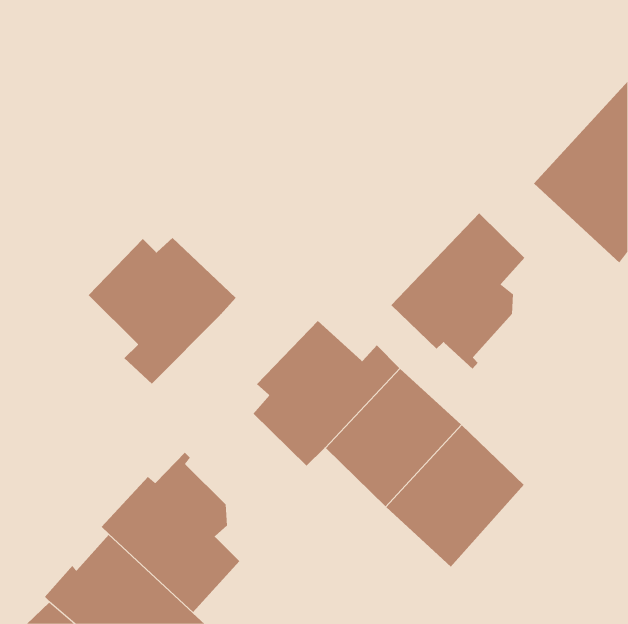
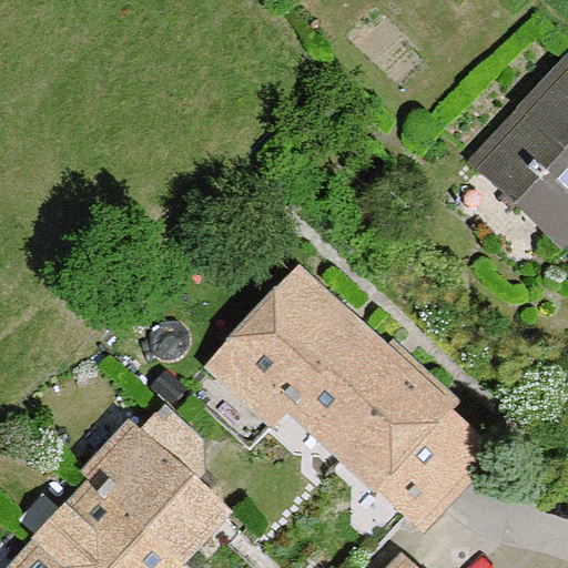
building: [391,213,525,370] -> none
building: [88,237,236,385] -> none

